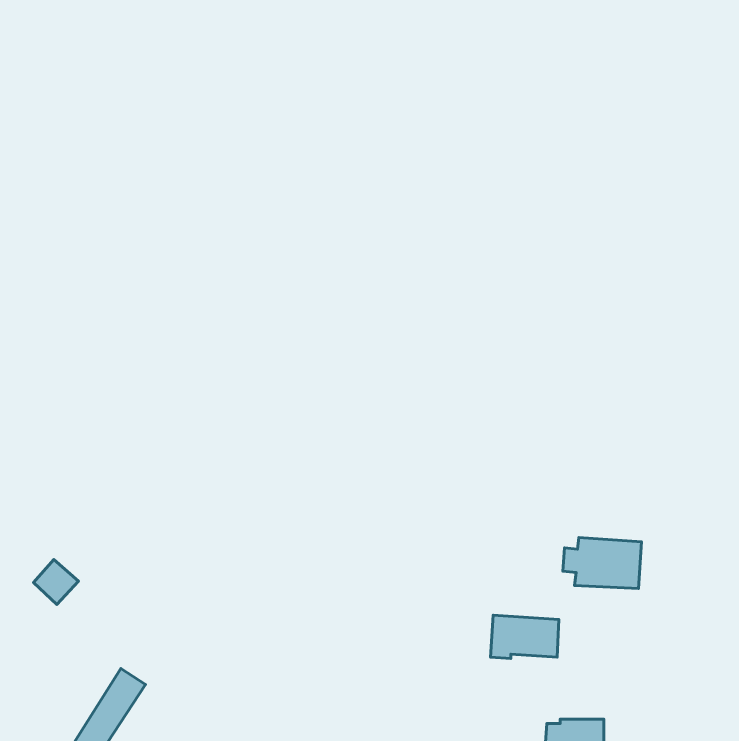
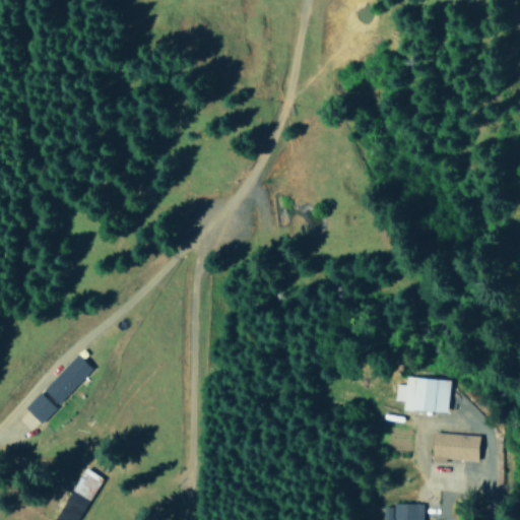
building: none -> [46,354,93,404]
building: [490,615,559,659] -> [433,433,480,463]

